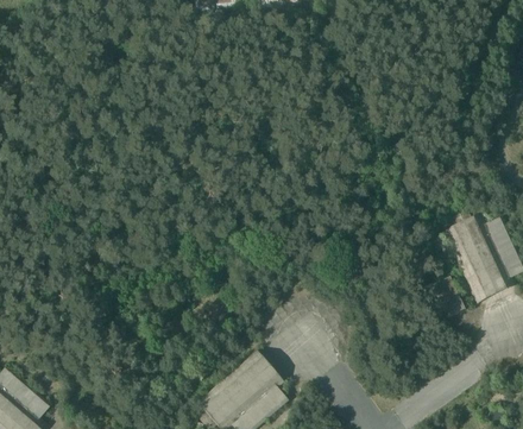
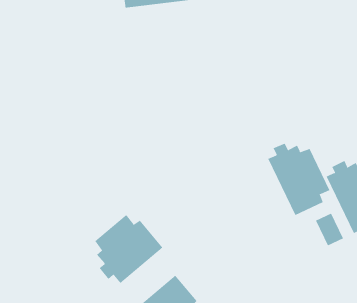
building: none -> [268,143,330,216]
building: none -> [94,214,163,284]

